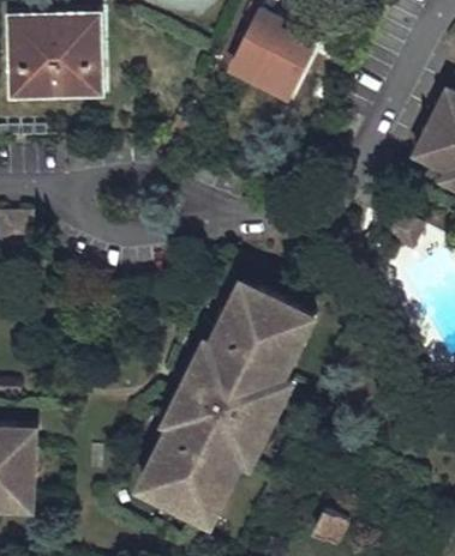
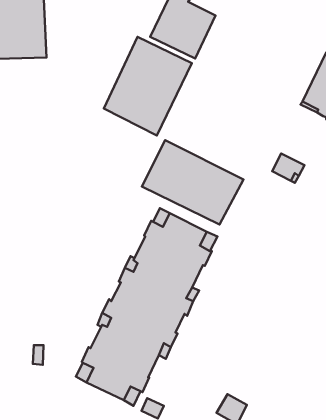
building: none -> [104,37,192,136]
building: none -> [142,140,243,224]

